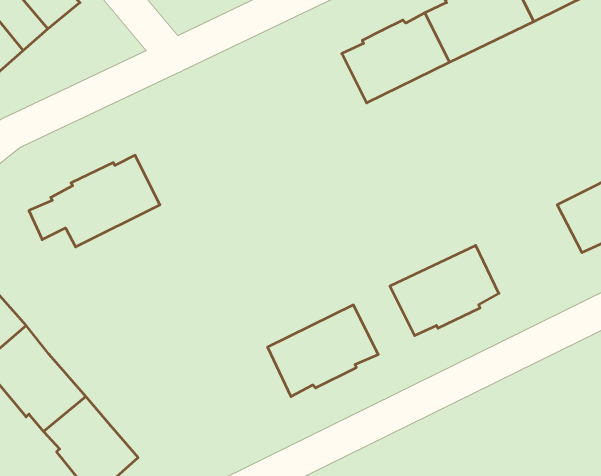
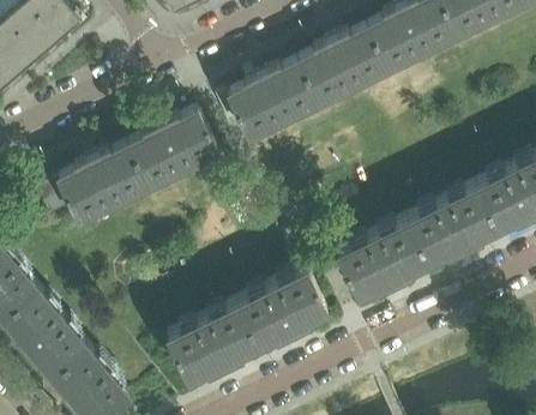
building: none -> [228,65,318,140]
building: none -> [127,114,217,190]
building: none -> [408,190,495,263]
building: none -> [167,307,255,381]

